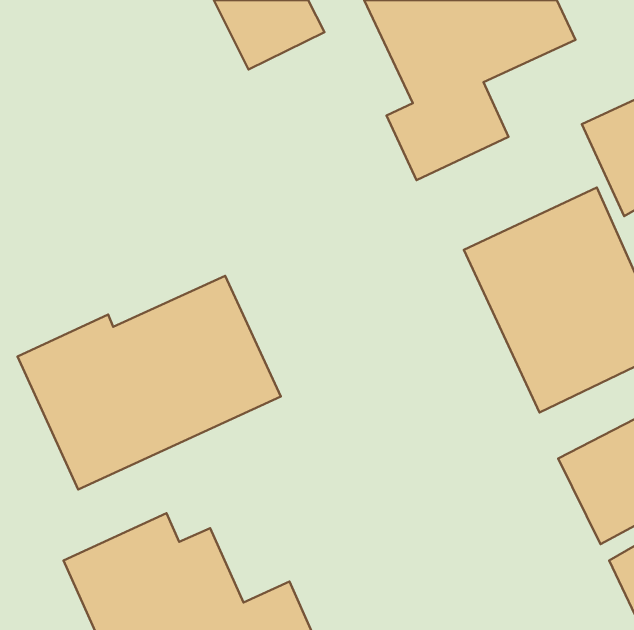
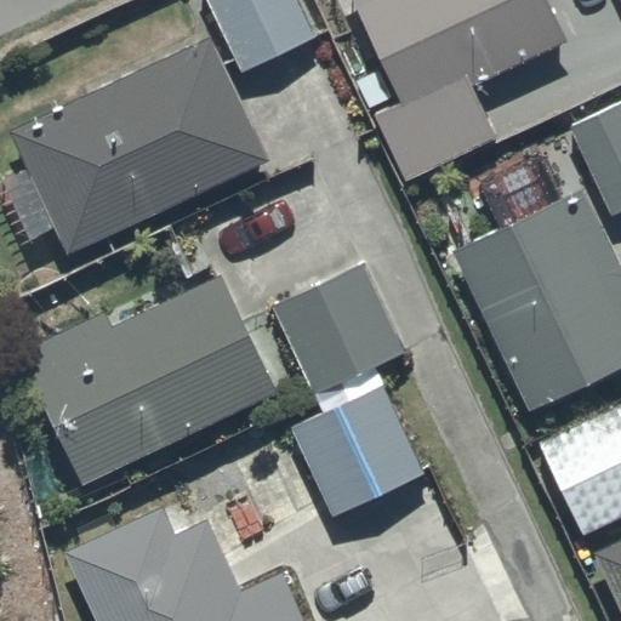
building: none -> [13,36,268,250]
building: none -> [272,263,426,517]

